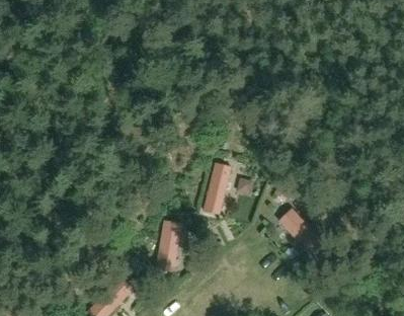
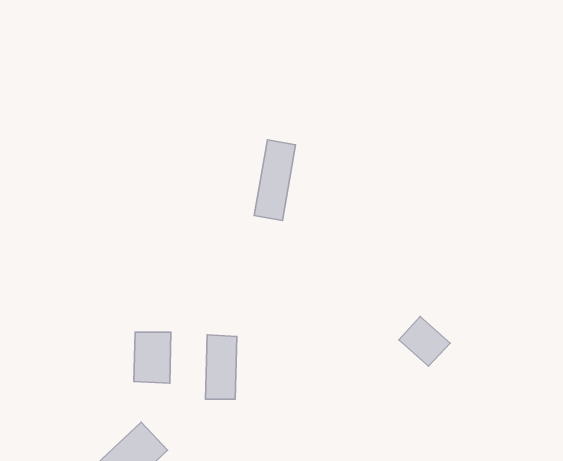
building: [206,163,231,213] -> [254,140,296,221]
building: none -> [134,332,171,383]

